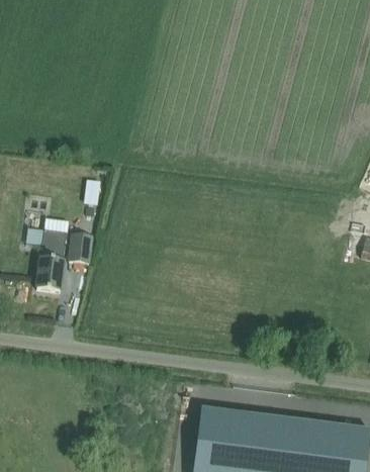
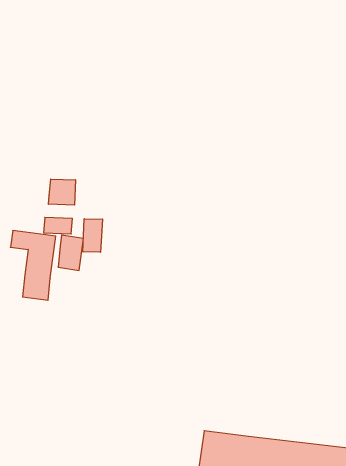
building: none -> [48,179,75,205]
building: none -> [83,219,103,252]

